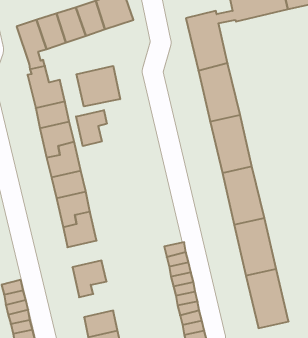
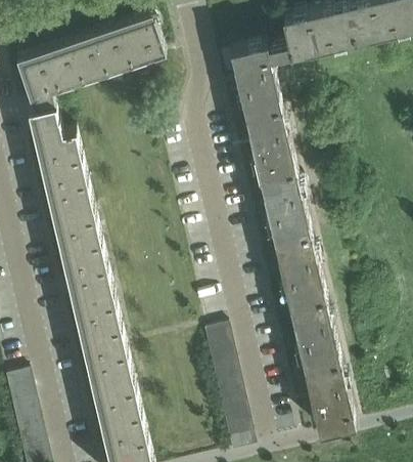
building: [76,66,120,106] -> none
building: [76,110,107,146] -> none
building: none -> [83,327,125,360]
building: none -> [97,377,139,421]

